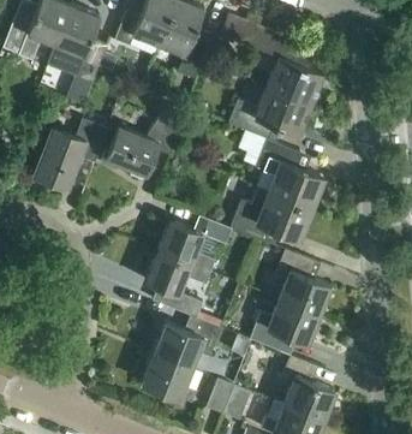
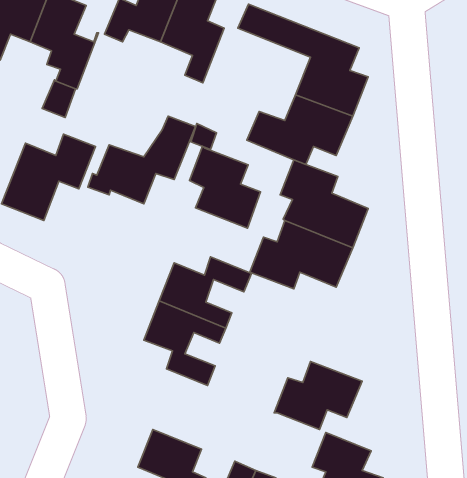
building: none -> [189,146,261,228]
building: [274,250,329,315] -> none
building: [153,316,220,369] -> none

